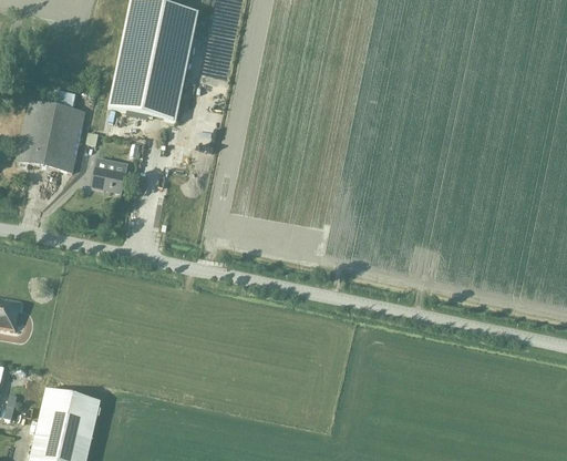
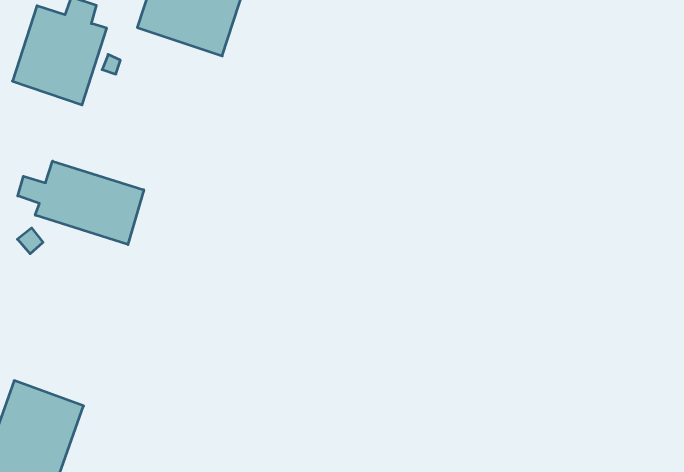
building: [92,165,125,191] -> none
building: none -> [18,161,144,245]

